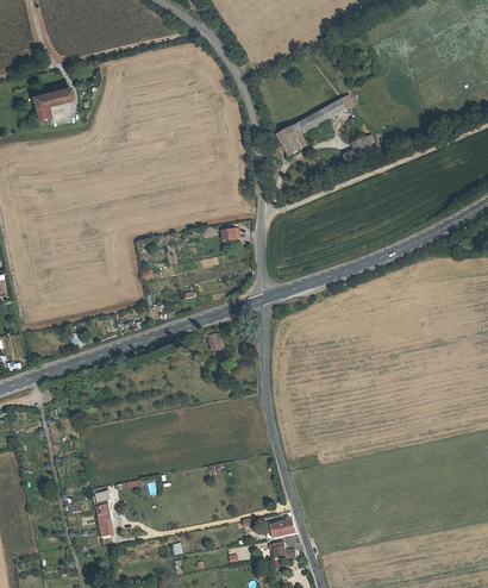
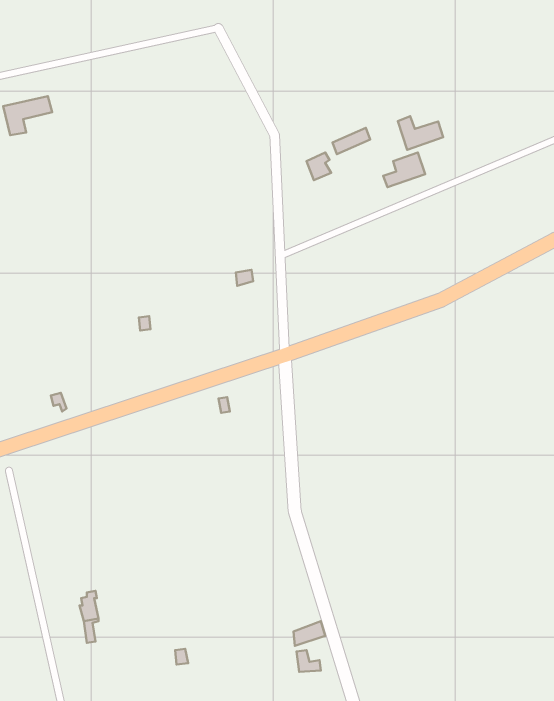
building: none -> [398,116,443,150]

